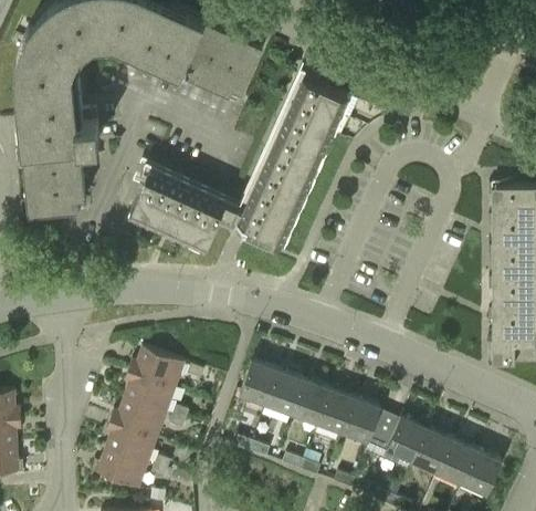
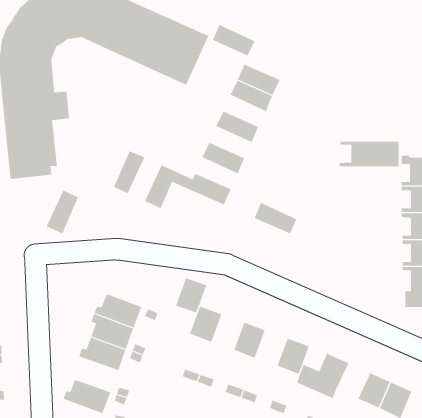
building: [278,115,329,153] -> [212,24,255,56]
building: [262,152,313,189] -> none
building: none -> [339,141,399,167]
building: [129,171,168,223] -> [46,190,79,234]
building: [167,188,206,240] -> none
building: [245,188,296,226] -> [254,202,297,234]
building: [265,373,303,415] -> [175,278,207,313]
building: [316,392,354,434] -> none
building: [104,423,156,465] -> none
building: [412,430,451,472] -> none

